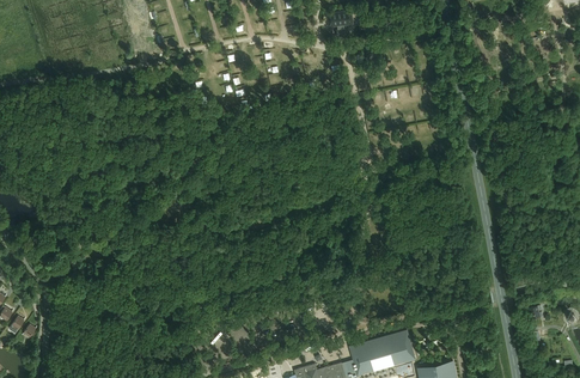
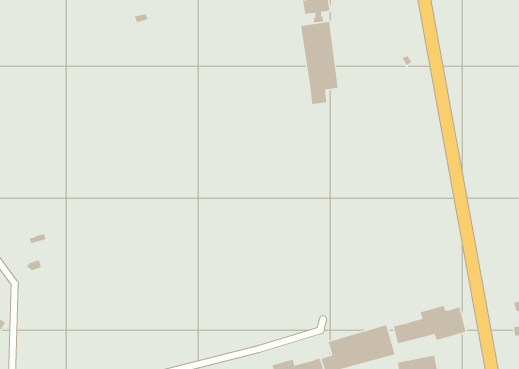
building: none -> [300,21,339,105]
building: none -> [392,305,467,344]

